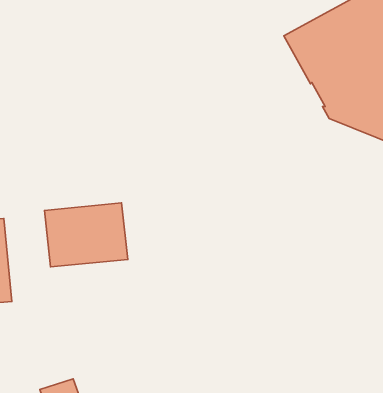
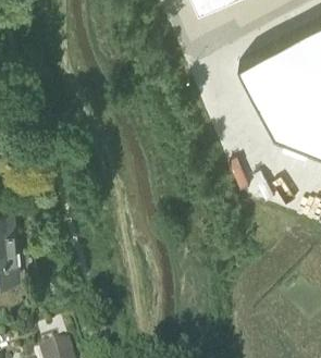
building: [44,203,128,267] -> none

